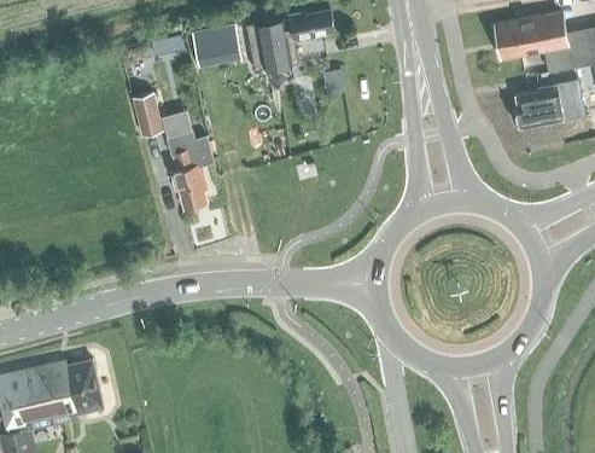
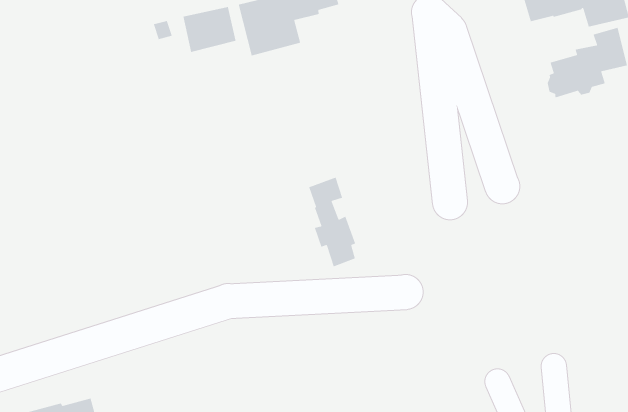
building: [133,92,164,135] -> none
building: [168,129,206,209] -> [308,177,356,267]

